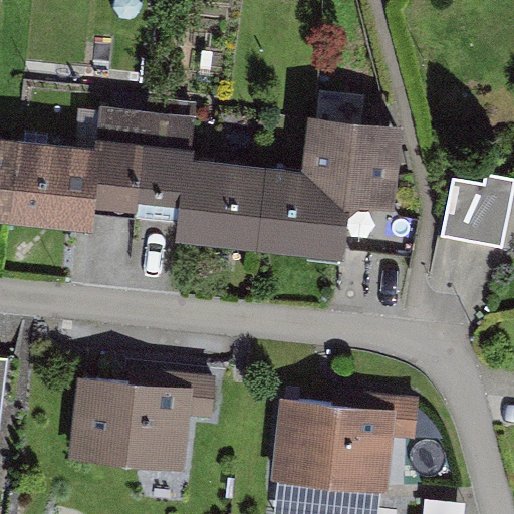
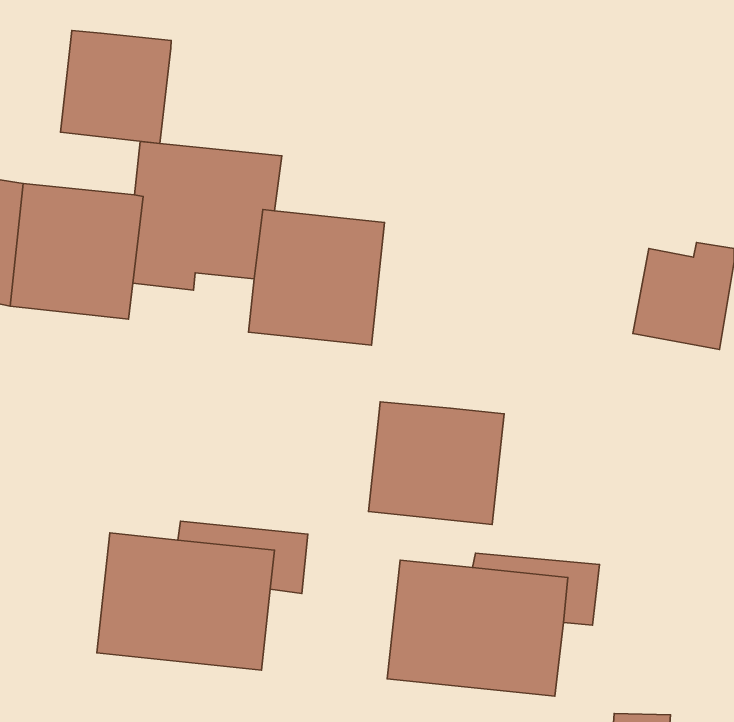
building: none -> [60,30,171,144]
building: [258,112,403,260] -> none
building: none -> [369,402,504,525]

